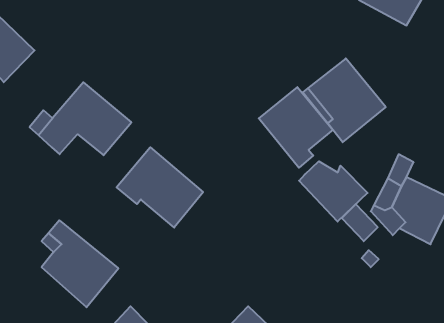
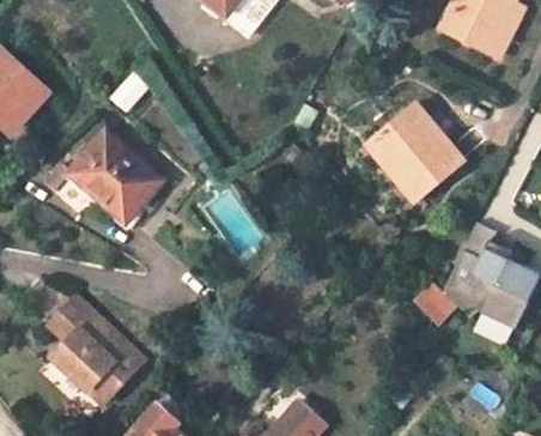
building: [259,87,333,168] -> none
building: [117,147,203,228] -> none
building: [299,161,368,222] -> none

